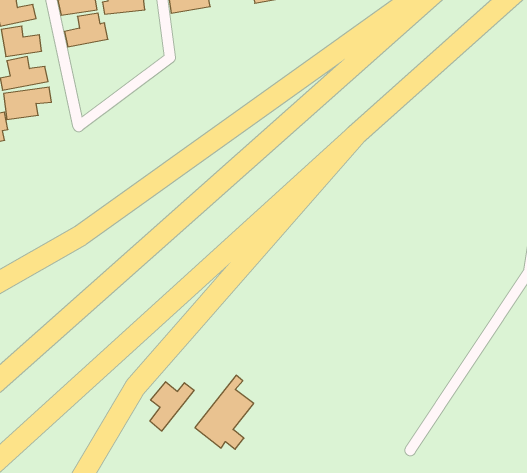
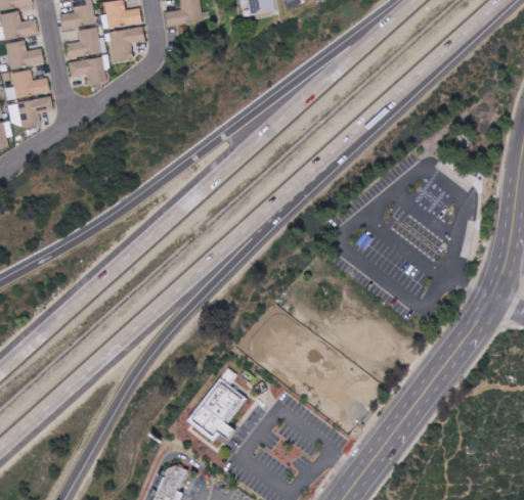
building: none -> [111,28,144,61]
building: none -> [69,56,107,86]
building: [150,382,194,431] -> none

